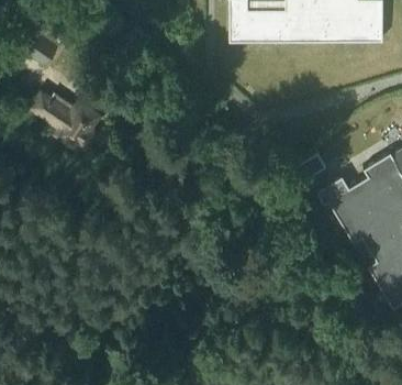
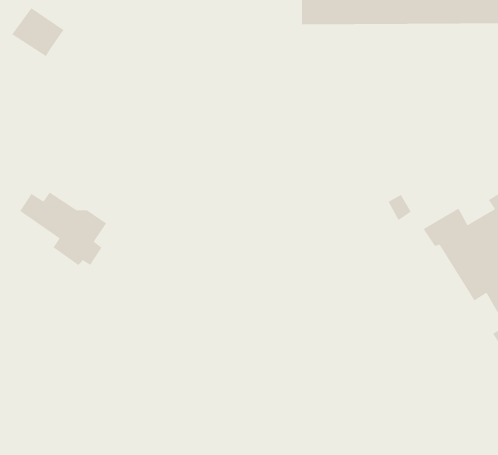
building: [33,95,97,149] -> [19,191,107,266]

